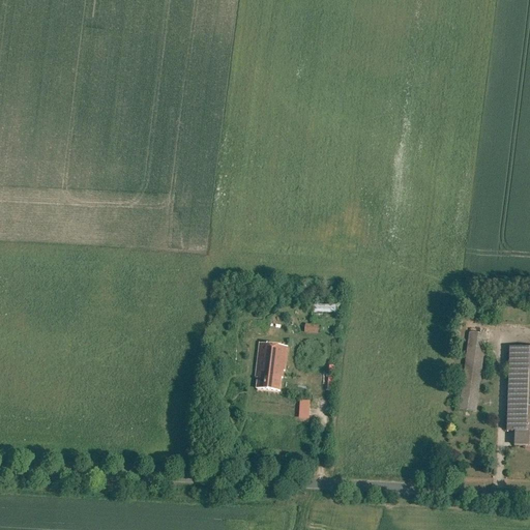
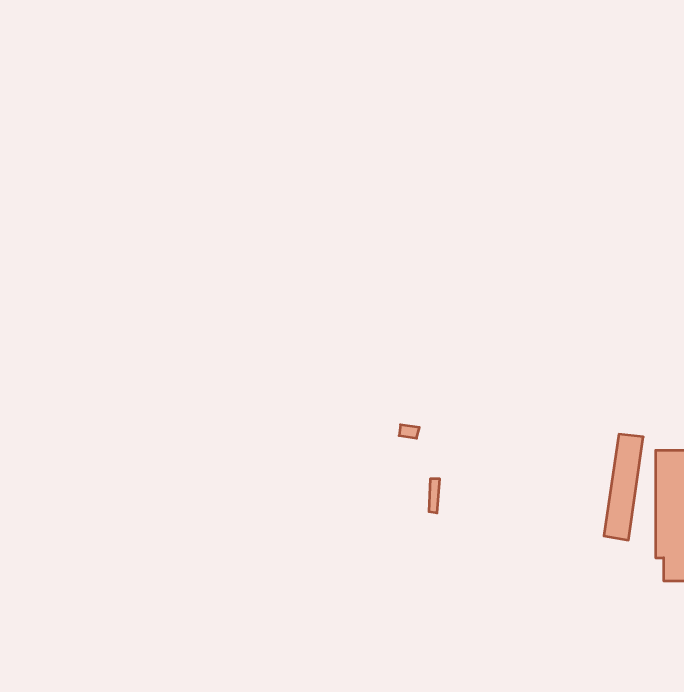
building: [253,341,287,388] -> none

